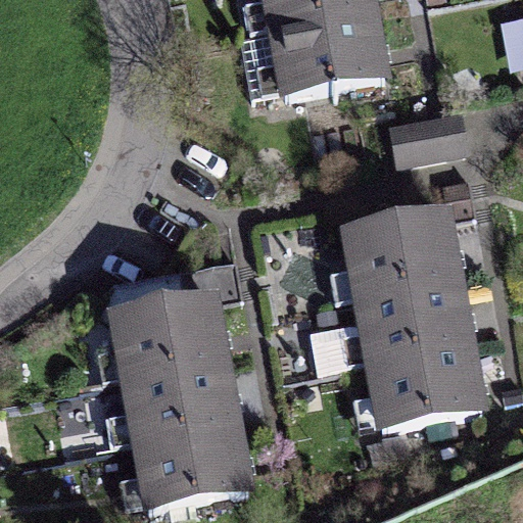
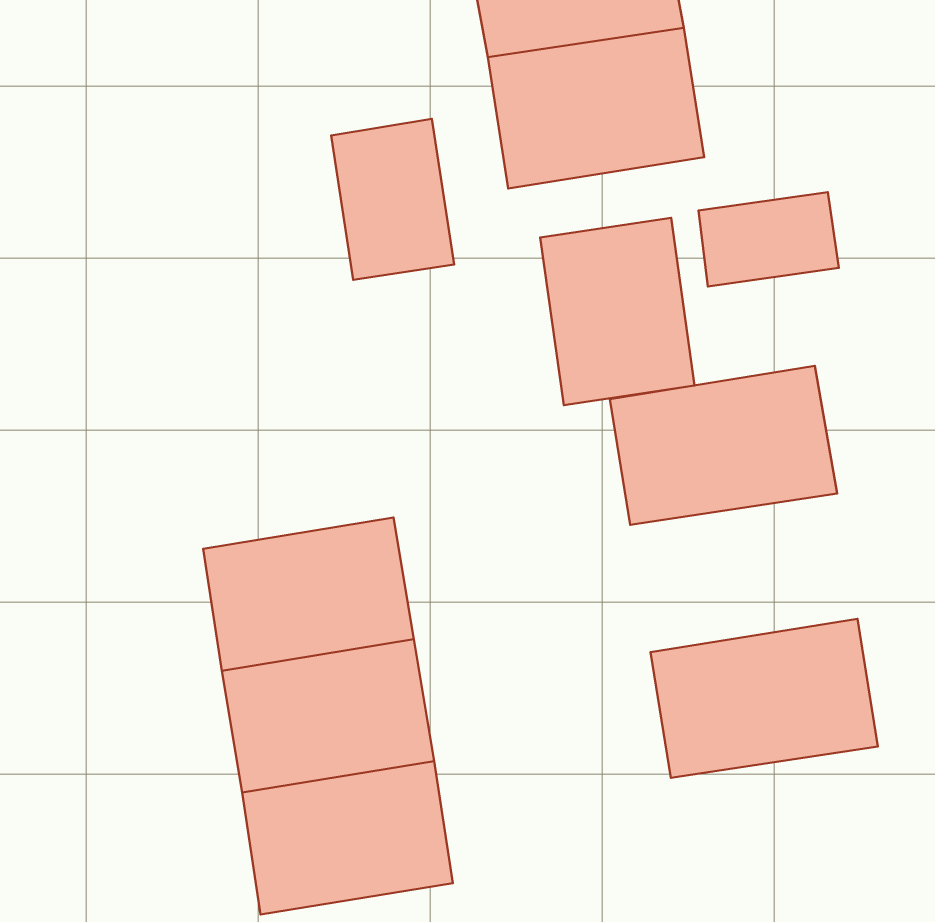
building: none -> [331,119,454,280]
building: none -> [540,218,695,405]
building: [348,273,474,361] -> none

